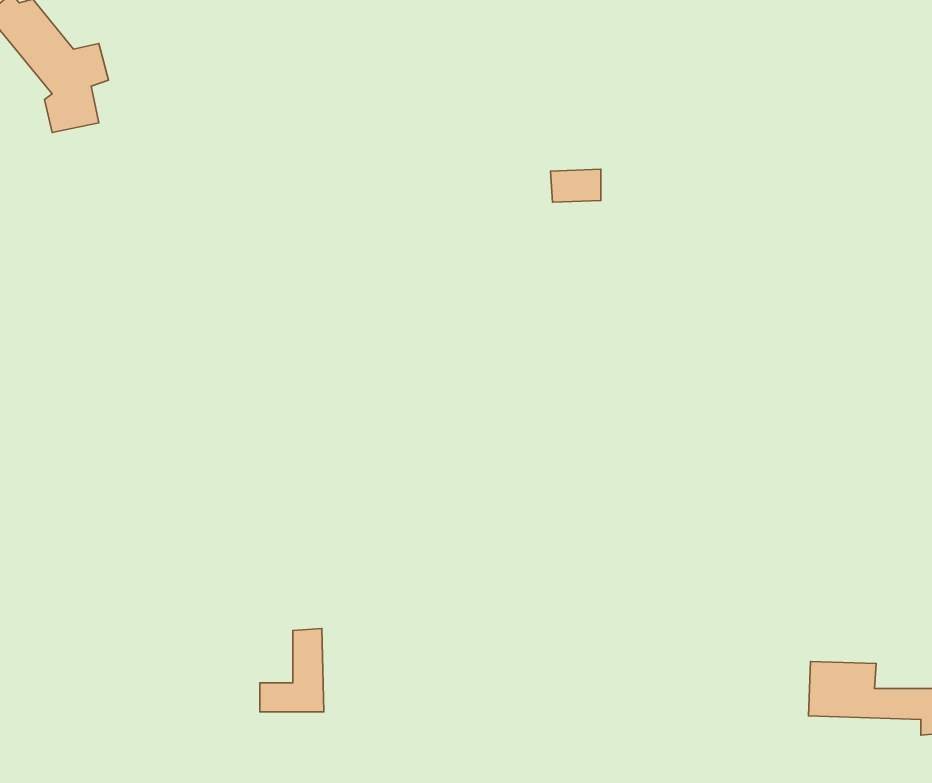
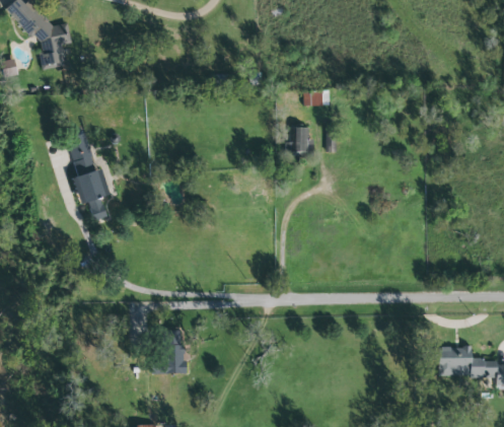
building: none -> [290,127,314,151]
building: none -> [68,134,110,220]

